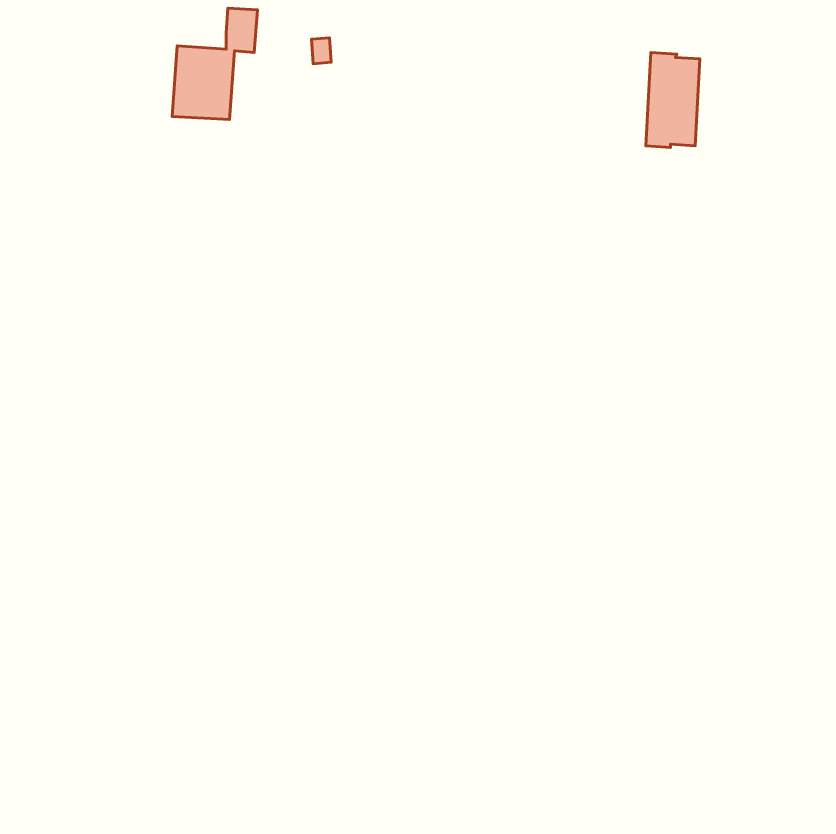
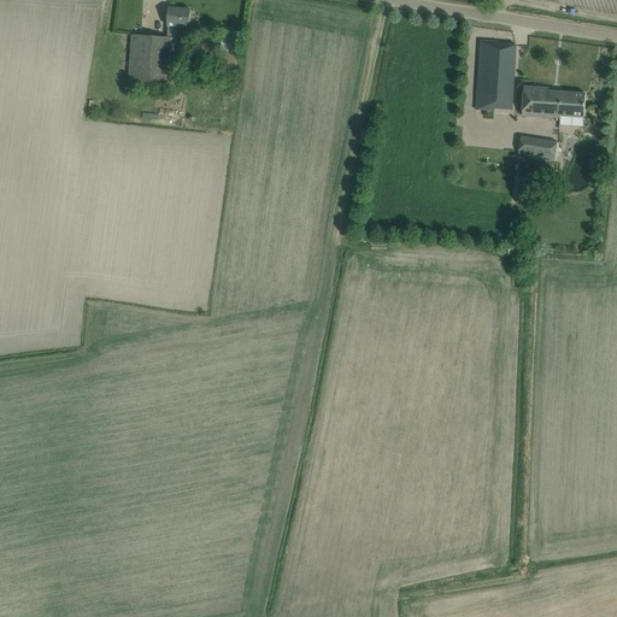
building: none -> [521,84,584,116]
building: none -> [517,135,556,158]

